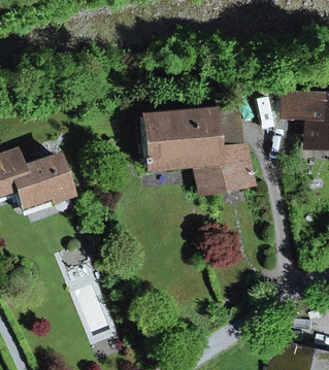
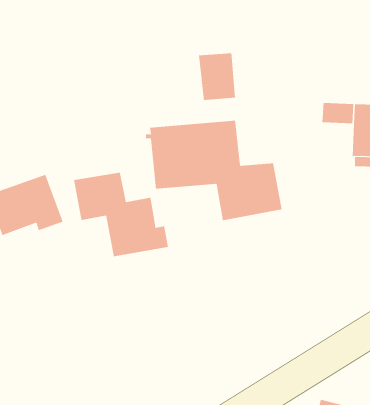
building: [210,109,241,148] -> [198,53,236,101]
building: none -> [73,172,169,257]

